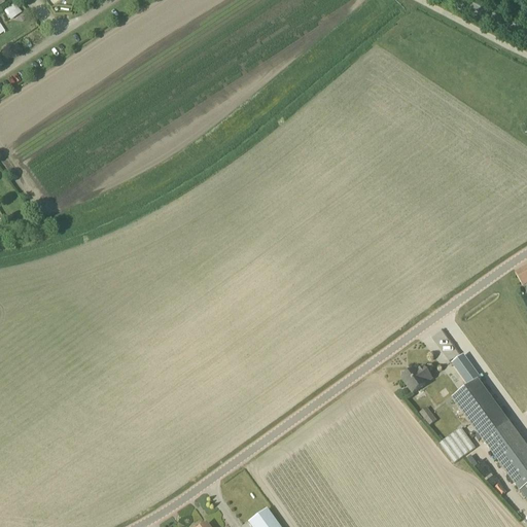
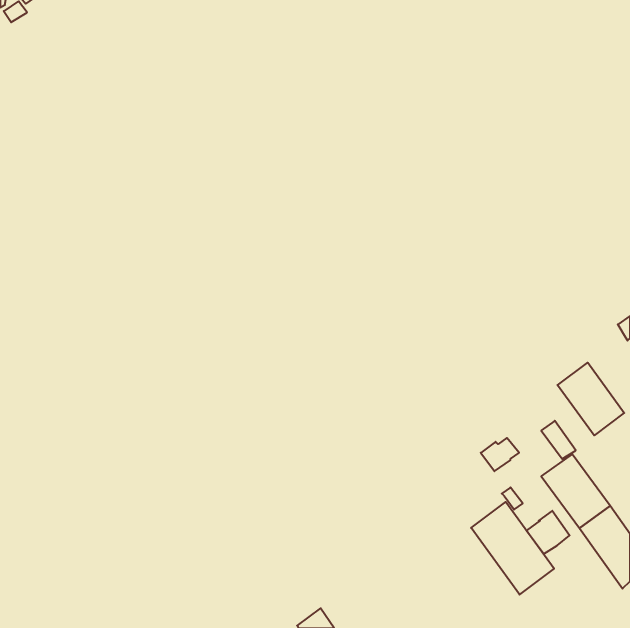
building: none -> [557,363,624,435]
building: none -> [471,502,554,595]

